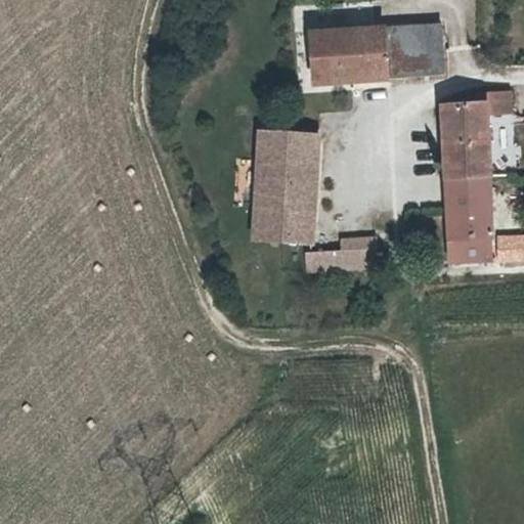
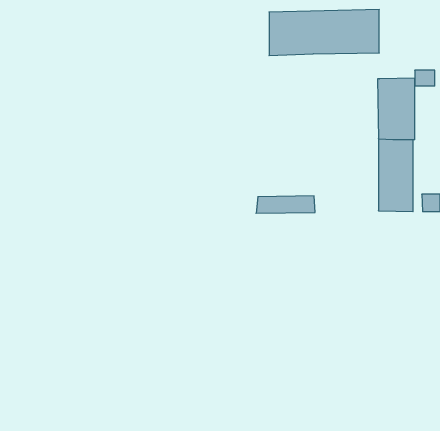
building: [251,124,318,236] -> none

